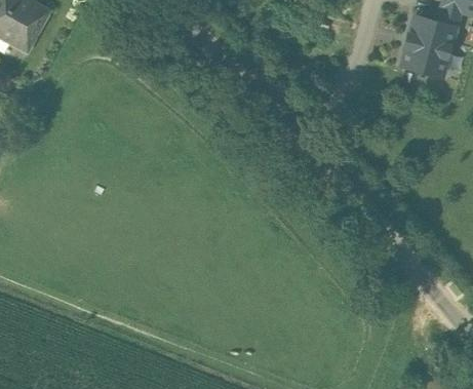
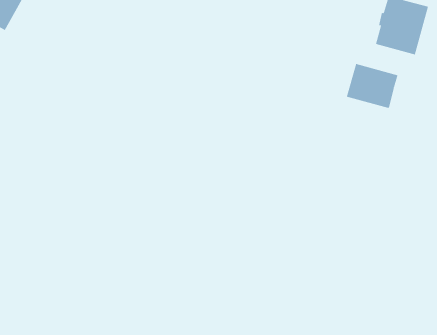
building: none -> [346,63,398,108]

